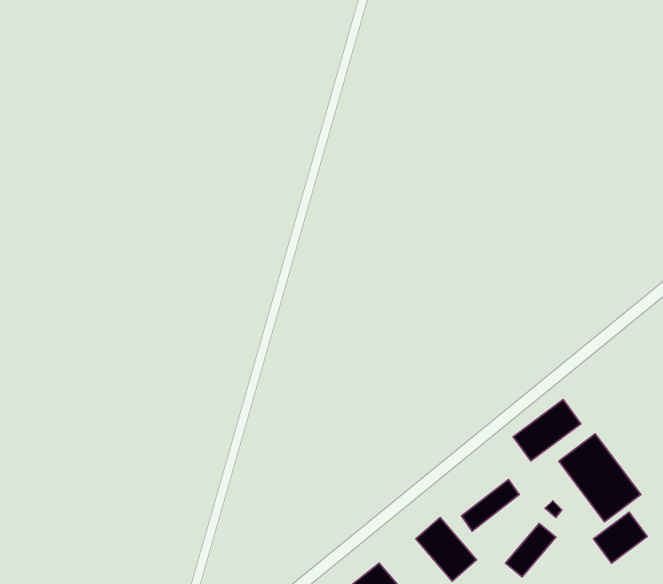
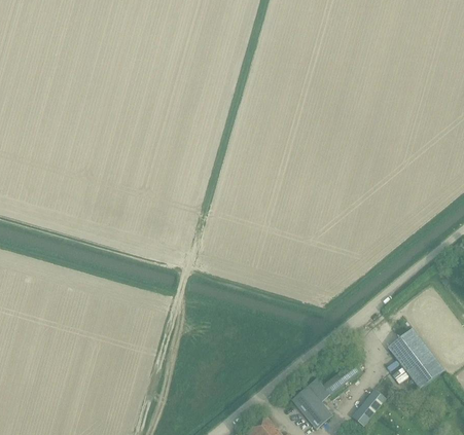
building: [513,399,581,461] -> none
building: [593,512,647,563] -> none

